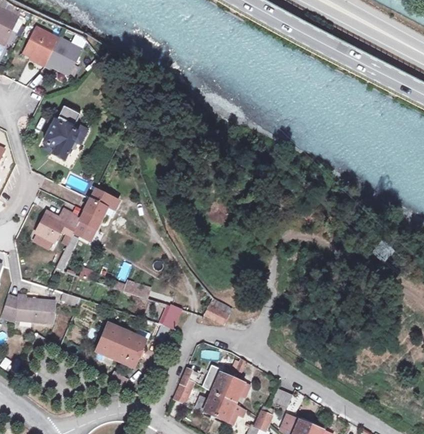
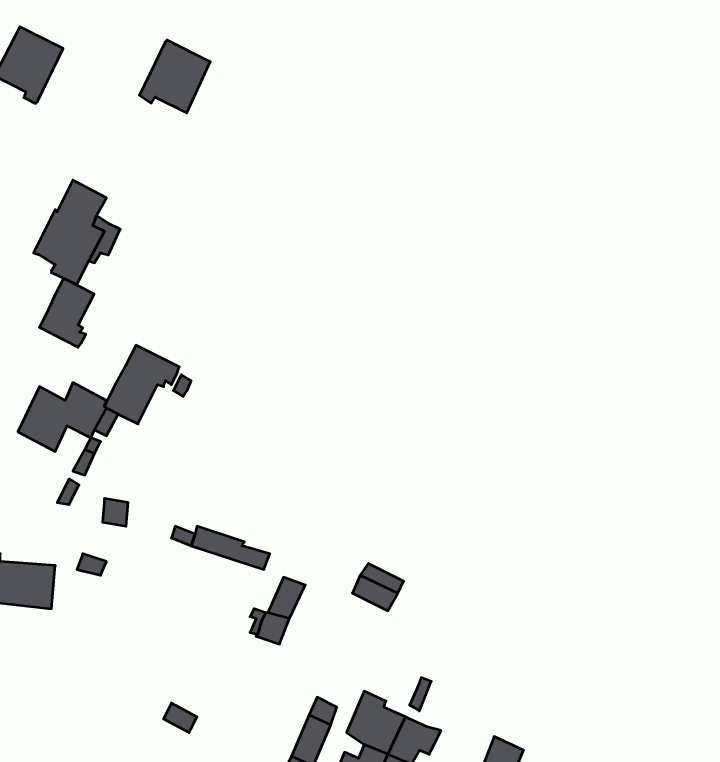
building: [45,37,81,74] -> [139,40,210,113]
building: none -> [39,279,94,347]
building: [95,323,146,367] -> none

